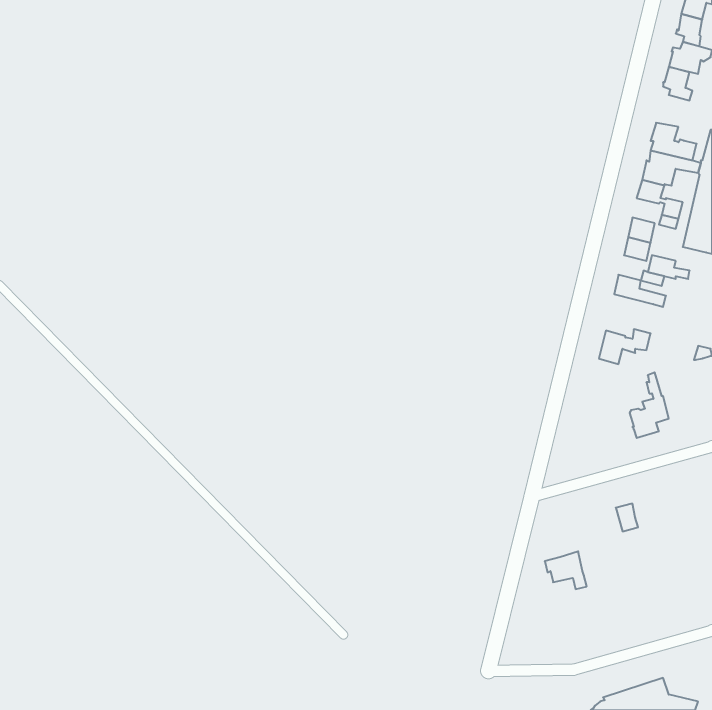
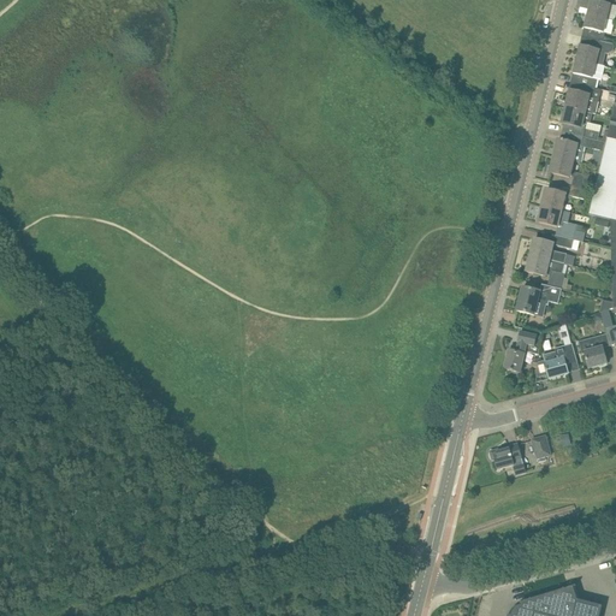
building: none -> [565,82,609,109]
building: none -> [526,254,568,288]
building: none -> [503,327,540,372]
building: none -> [578,332,609,367]
building: [545,551,587,589] -> [488,442,525,474]

